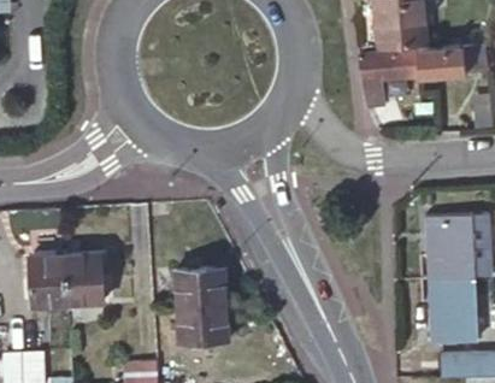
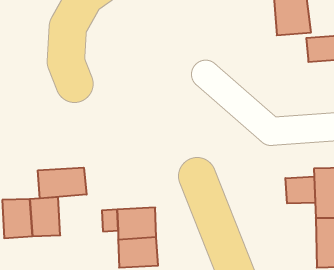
building: [359,51,418,106] -> none
building: none -> [38,168,87,198]
building: none -> [285,176,315,203]

